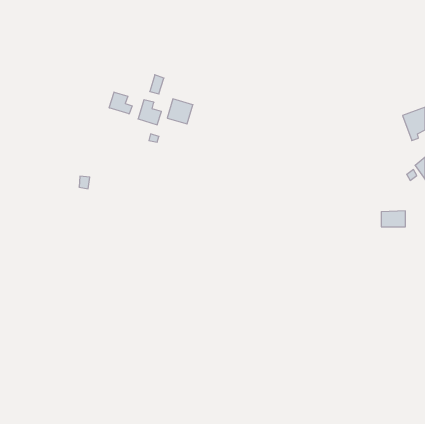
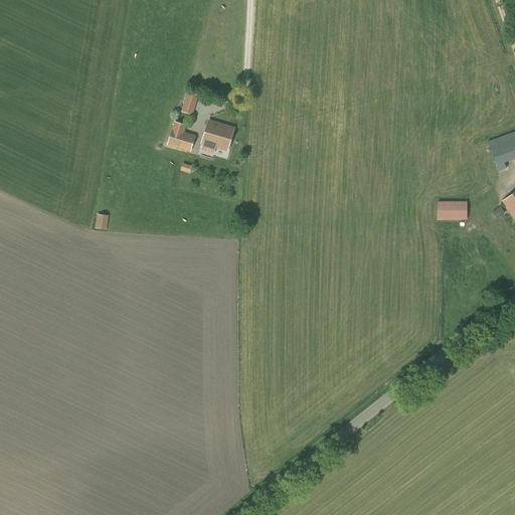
building: [109,92,132,114] -> none
building: [381,211,405,227] -> [438,200,467,219]

